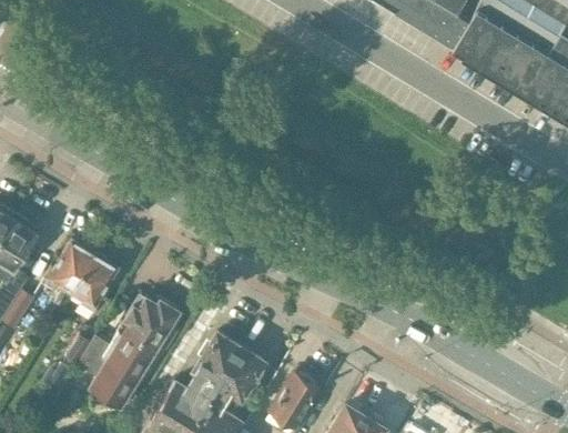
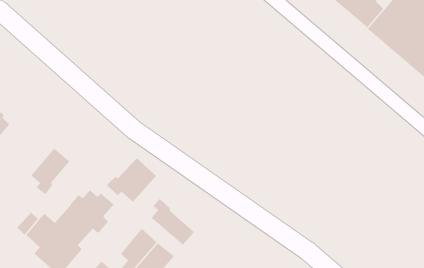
building: [42,241,94,292] -> none
building: none -> [106,157,157,203]
building: none -> [151,198,195,246]

